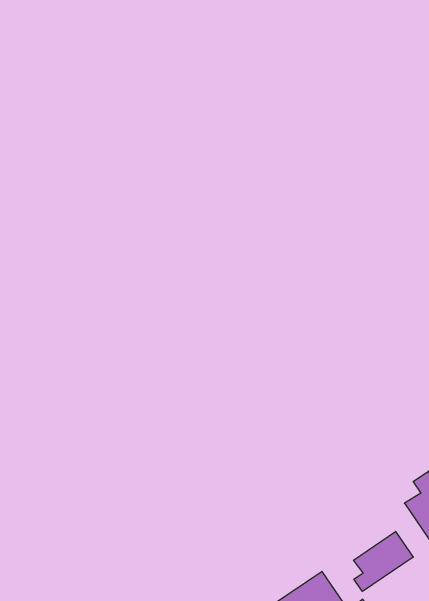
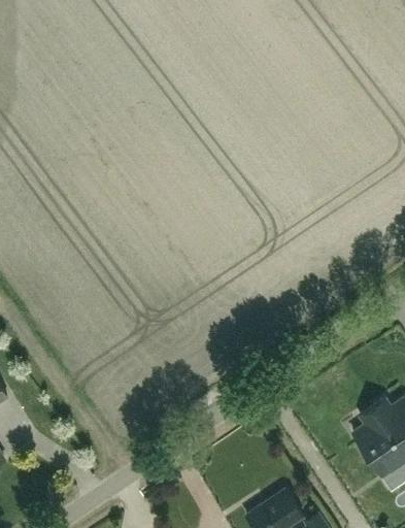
building: [354,531,413,591] -> none

